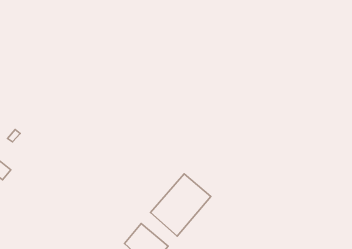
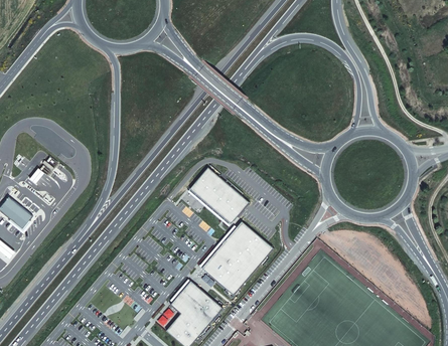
building: none -> [188,167,248,224]

